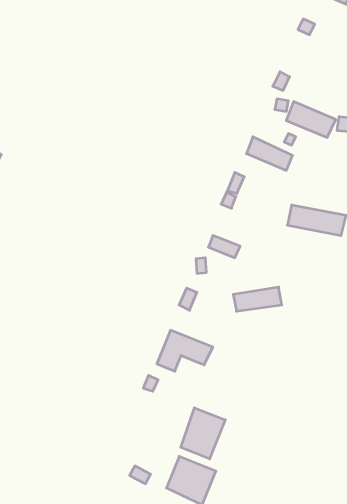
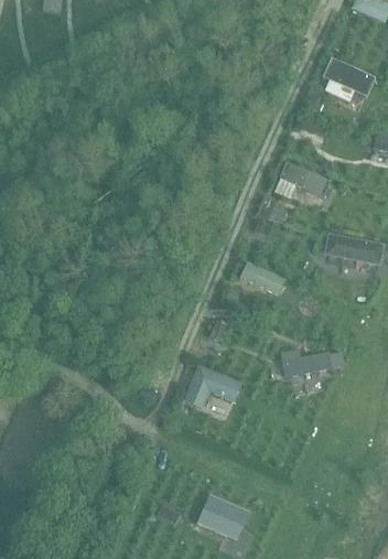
building: [286,102,336,137] -> [323,56,375,94]
building: [233,287,282,311] -> [280,351,331,376]
building: [181,408,225,459] -> none

